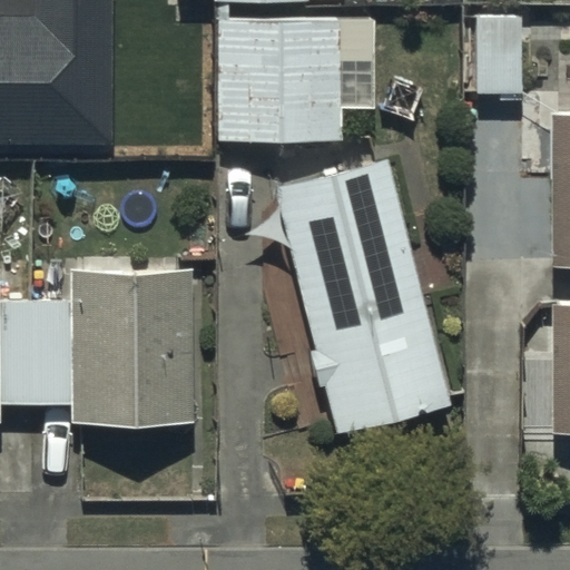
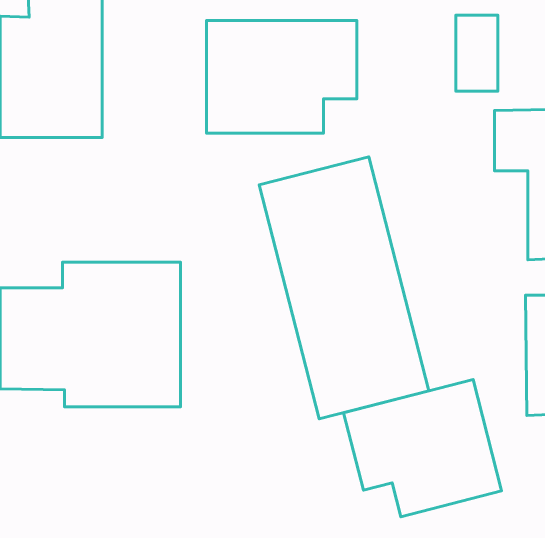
building: none -> [344,380,502,517]

